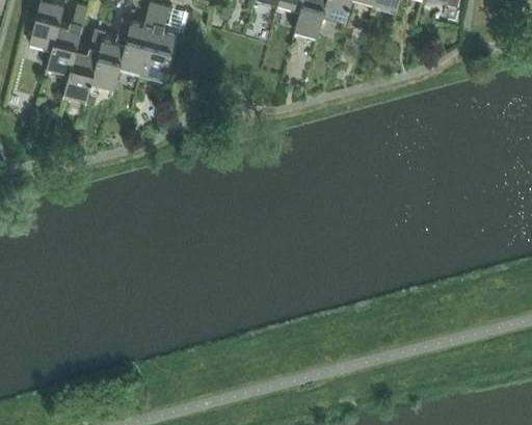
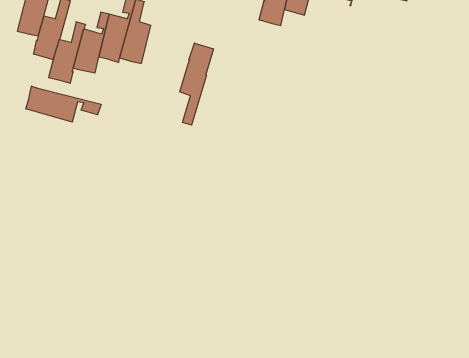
building: none -> [180,43,213,125]
building: none -> [26,86,101,122]

